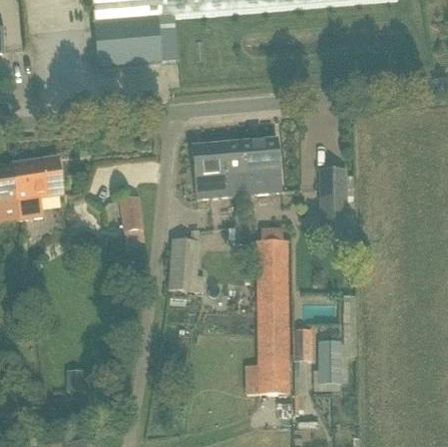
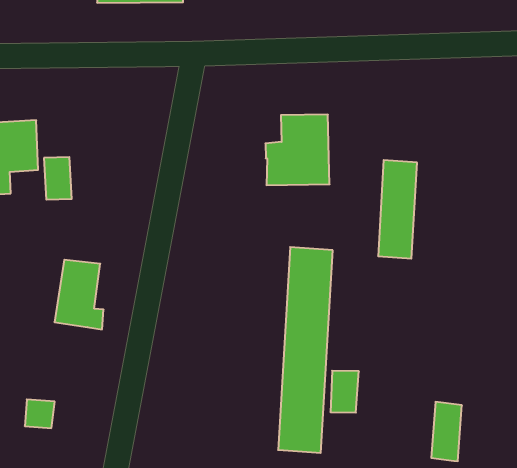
building: [192,139,244,196] -> none
building: [120,195,143,229] -> [44,157,72,200]
building: [169,239,205,289] -> [54,260,104,329]
building: [321,337,341,380] -> [431,402,462,461]

